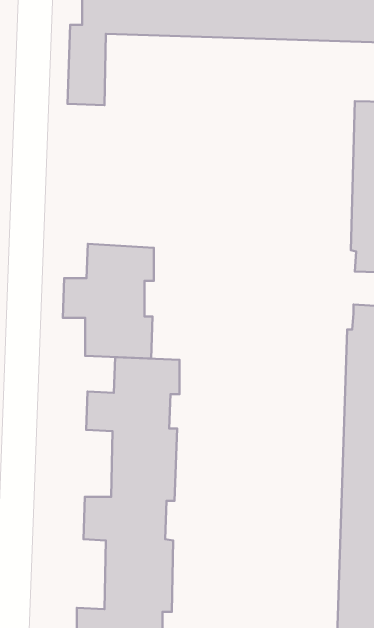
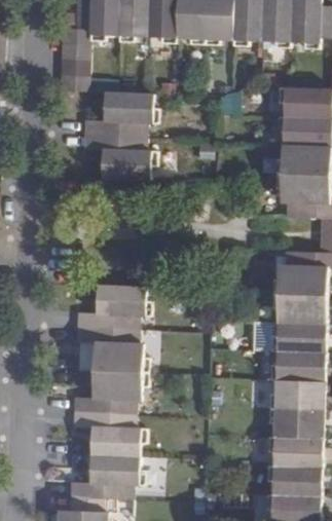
building: [63,244,154,359] -> [82,92,153,182]

